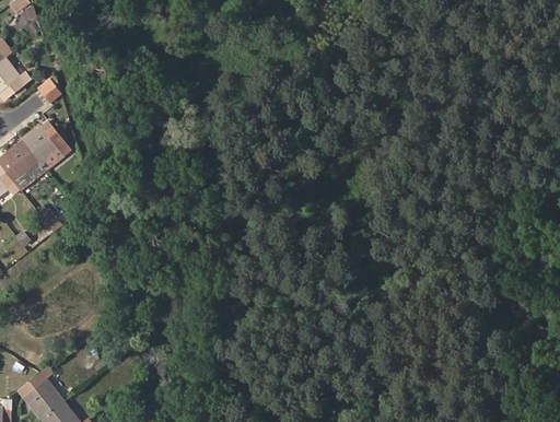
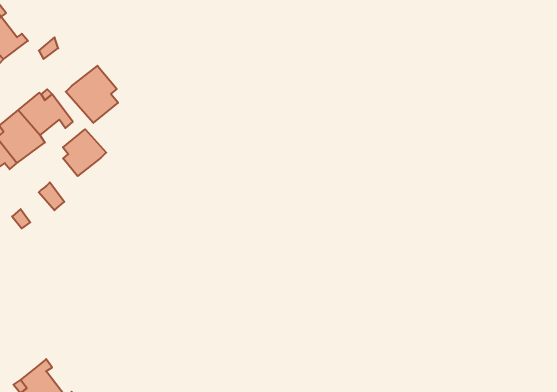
building: none -> [66,66,118,123]
building: none -> [63,129,106,176]

